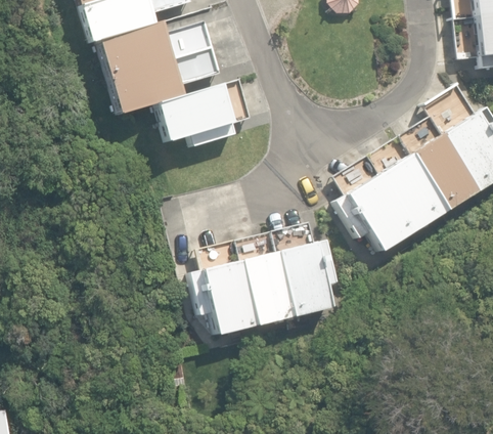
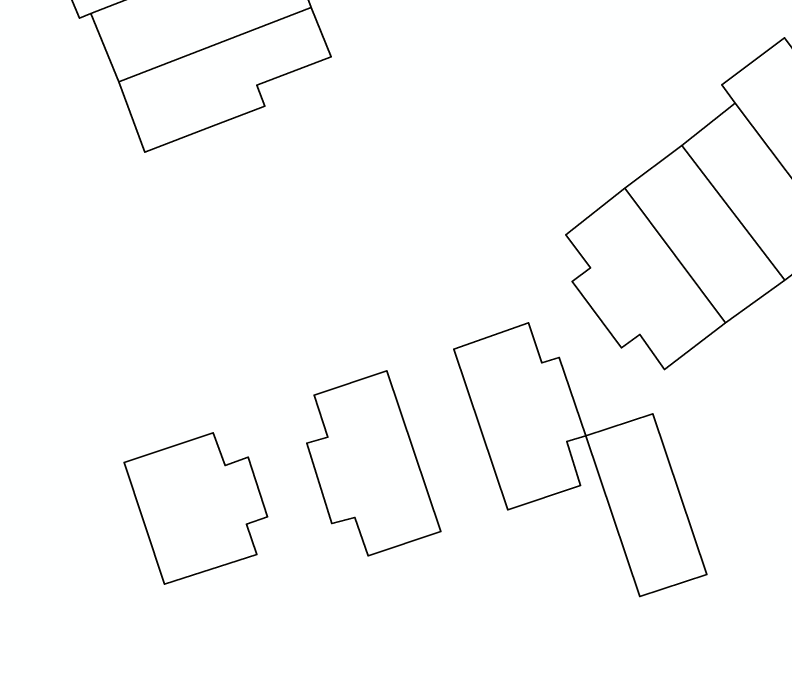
building: [155,87,234,148] -> none
building: [235,232,292,327] -> [586,414,707,596]
building: none -> [124,433,268,584]

